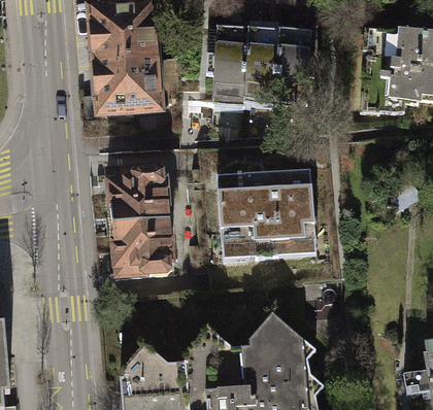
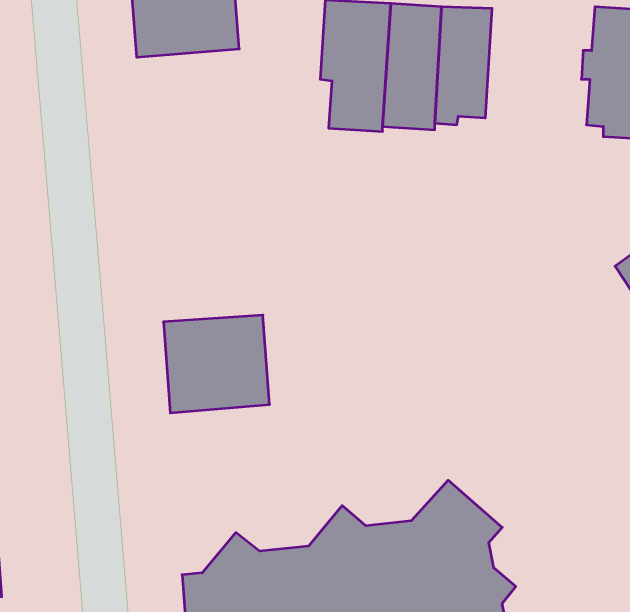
building: [93,57,162,115] -> none
building: [105,164,170,224] -> none
building: [216,169,318,261] -> none

